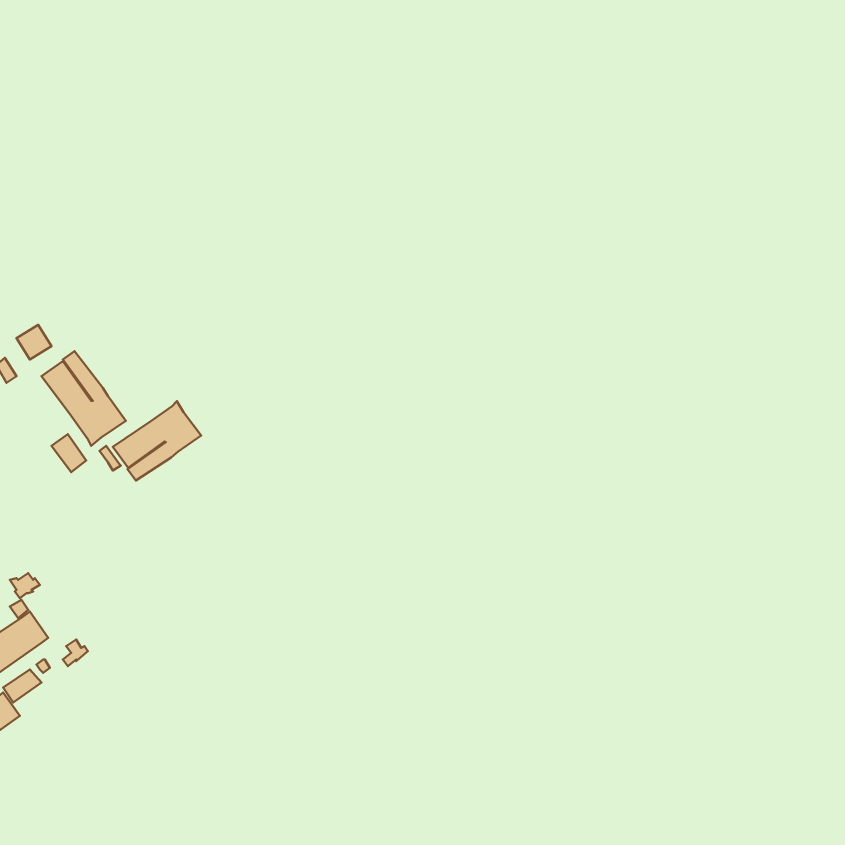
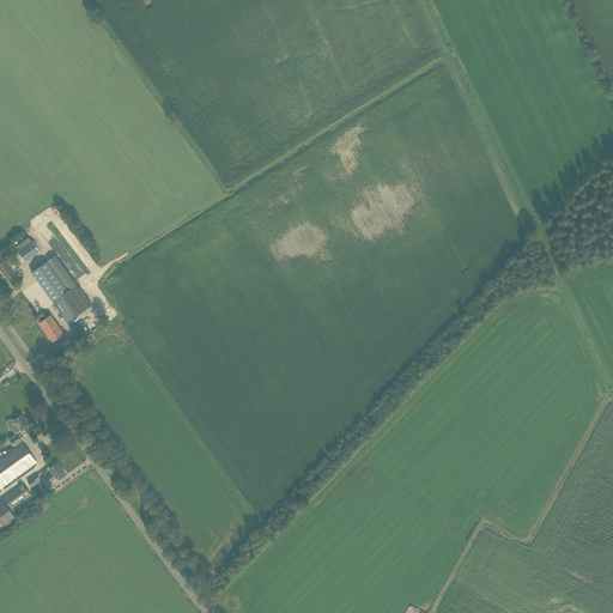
building: [113,401,201,481] -> none

